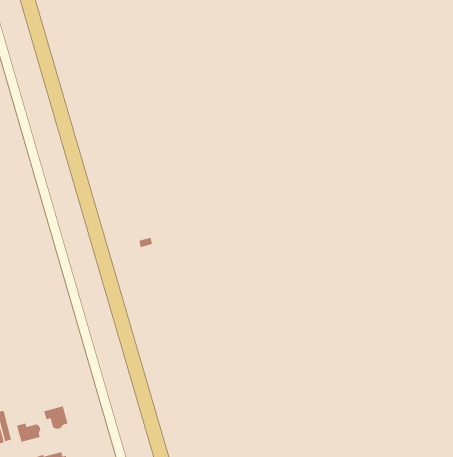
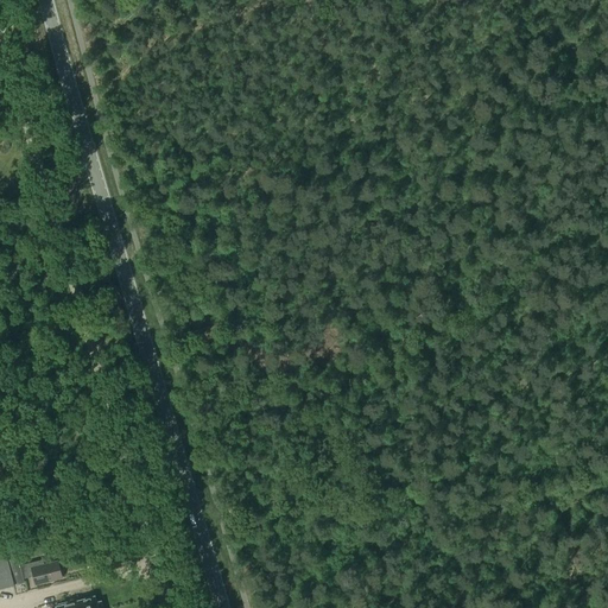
building: [44,405,68,429] -> none

